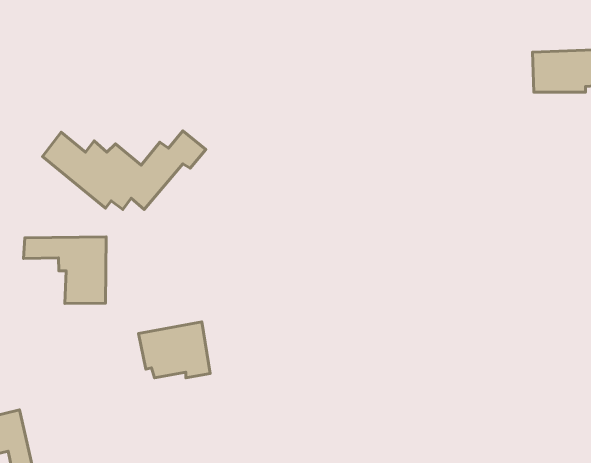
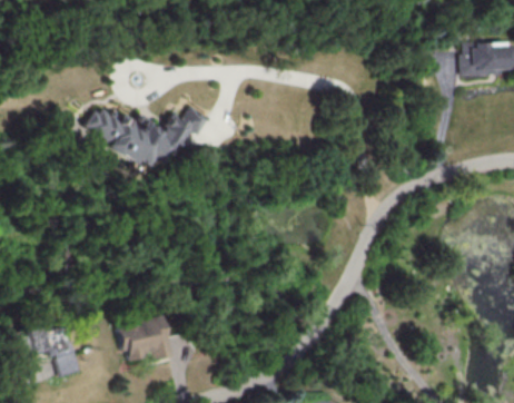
building: [24,237,106,304] -> none
building: [139,322,210,378] -> [117,316,172,360]

